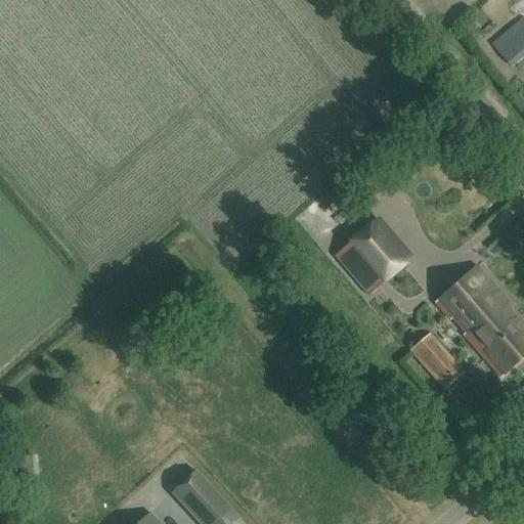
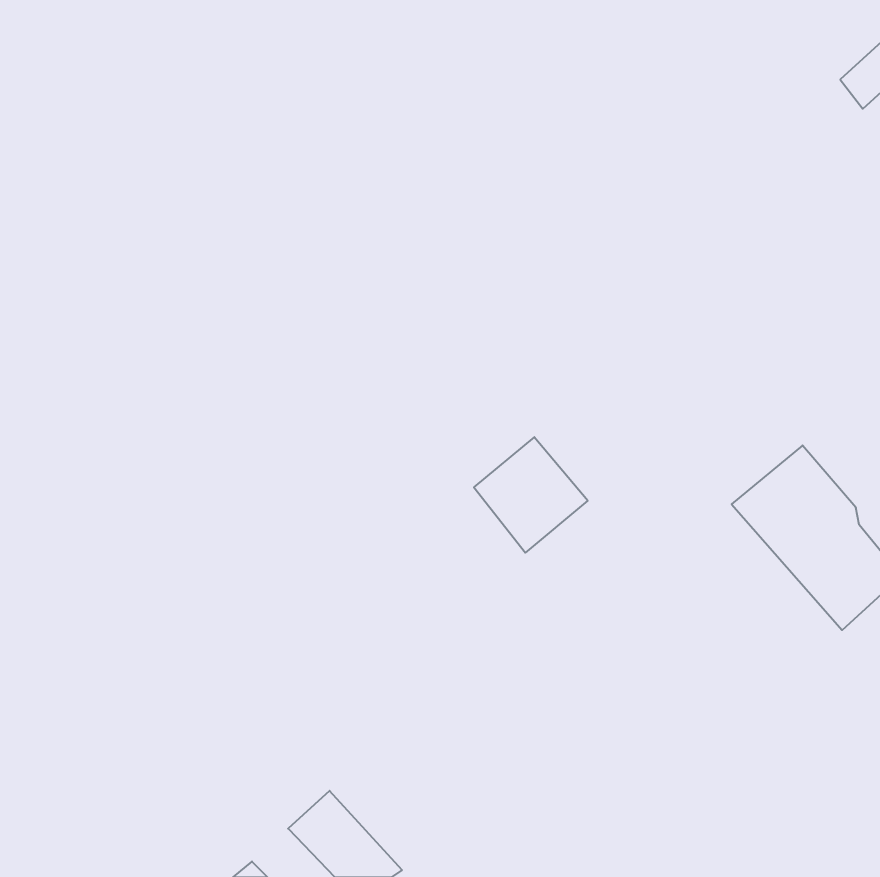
building: [337,225,404,294] -> [474,437,588,553]
building: [410,333,463,388] -> none

